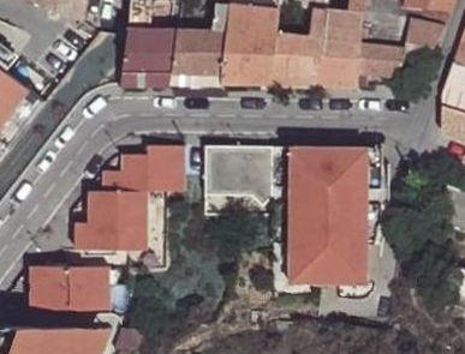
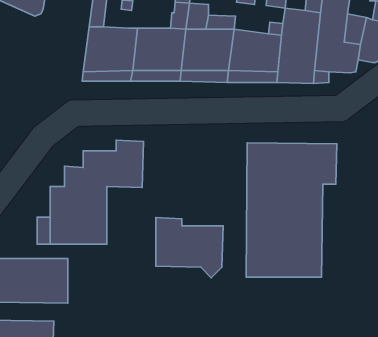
building: [205,145,274,206] -> [156,218,223,278]

